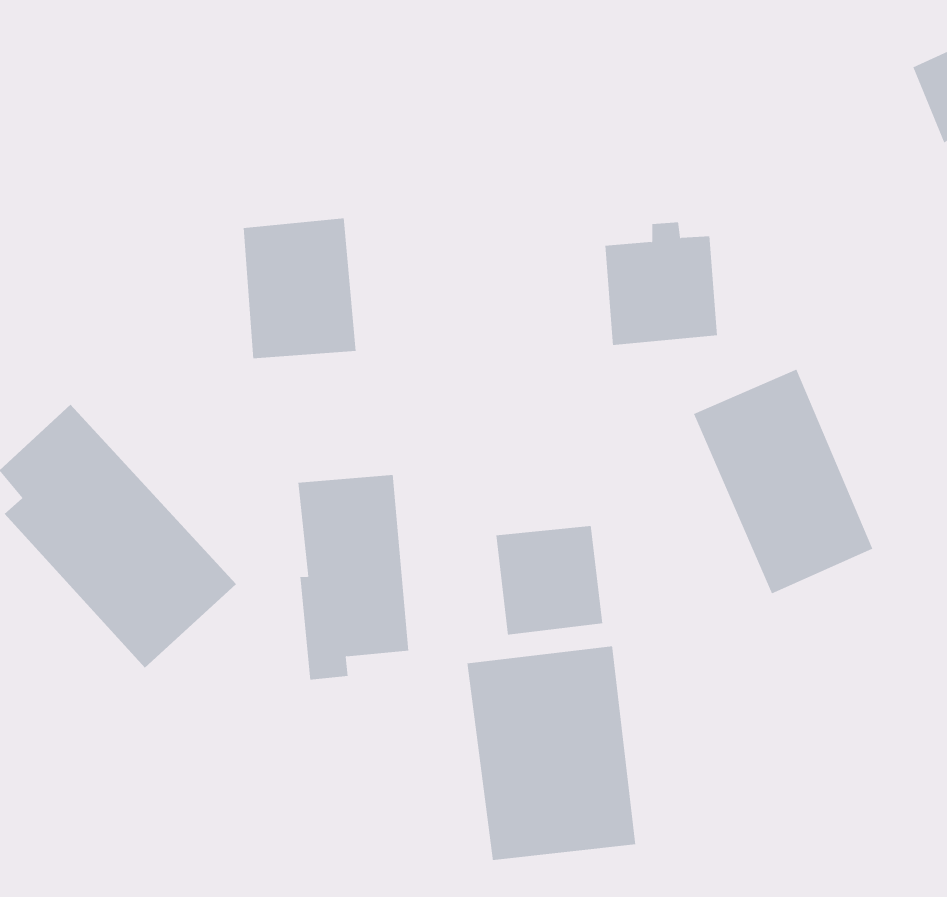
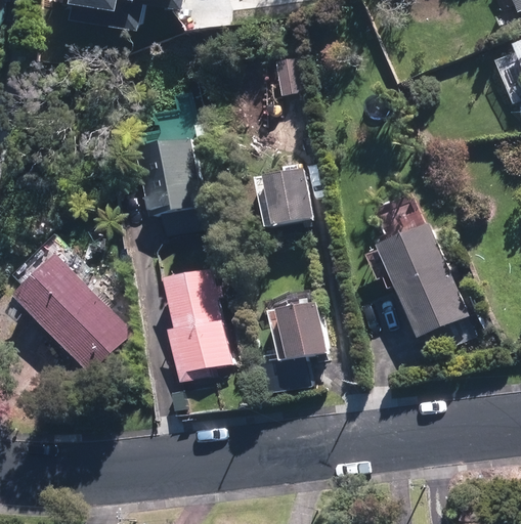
building: [604,222,718,345] -> [256,162,315,226]
building: [467,645,636,861] -> none

